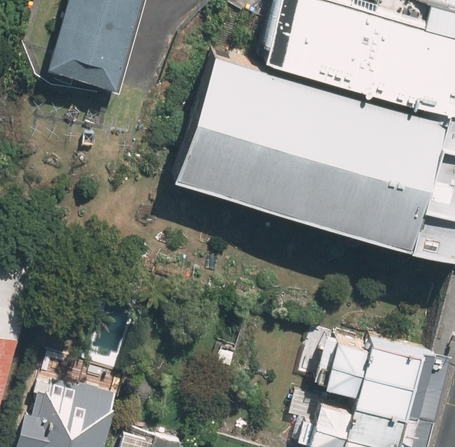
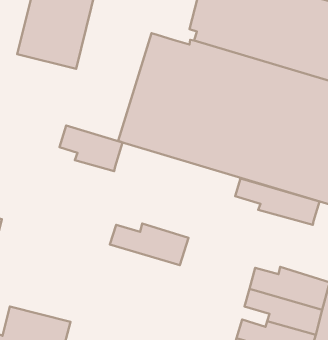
building: none -> [59,126,123,171]
building: none -> [235,179,319,225]
building: none -> [110,224,189,265]

